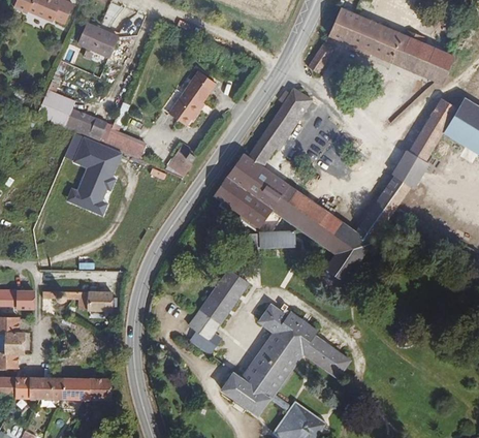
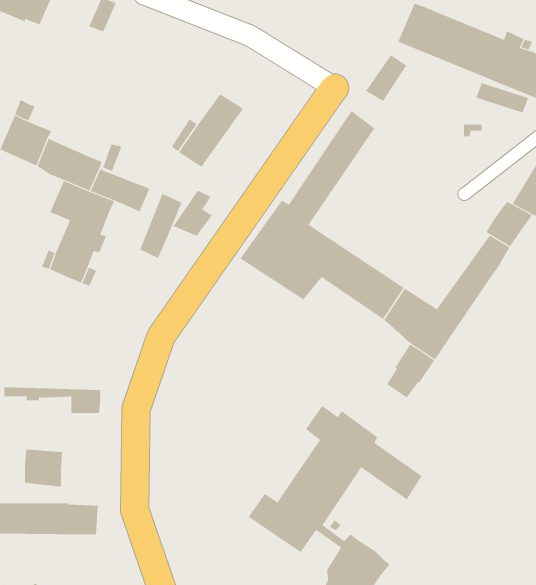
building: [77,25,118,56] -> none
building: none -> [140,193,182,259]
building: [259,228,296,247] -> none
building: [189,269,245,353] -> none
building: none -> [25,449,62,487]

